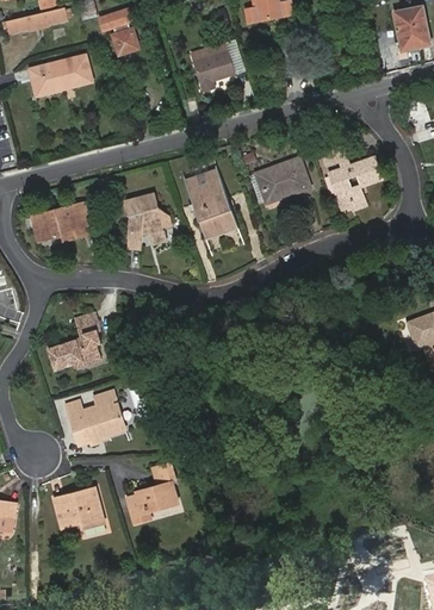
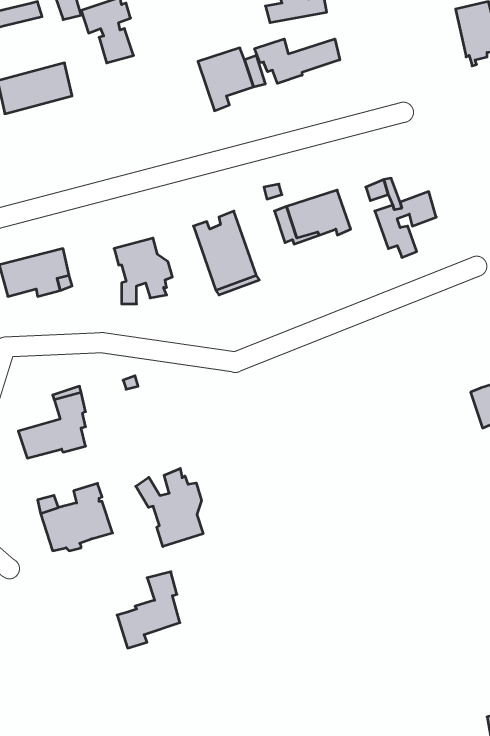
building: none -> [255,39,340,83]
building: none -> [136,468,203,547]
building: [52,486,101,527] -> none

